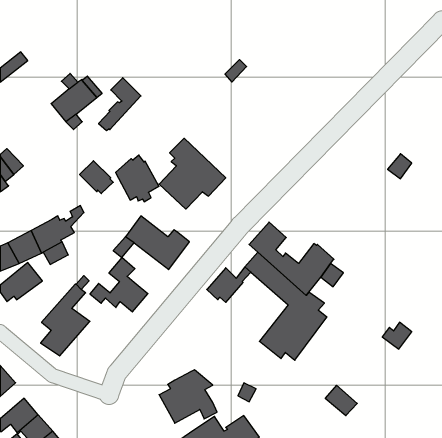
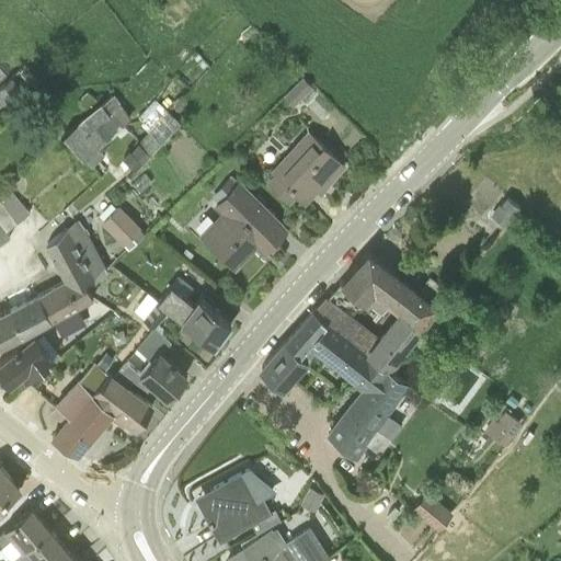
building: none -> [267,135,344,205]
building: [116,155,159,202] -> [47,226,102,285]
building: none -> [341,255,446,333]
building: none -> [286,313,327,357]
building: none -> [91,375,152,430]

